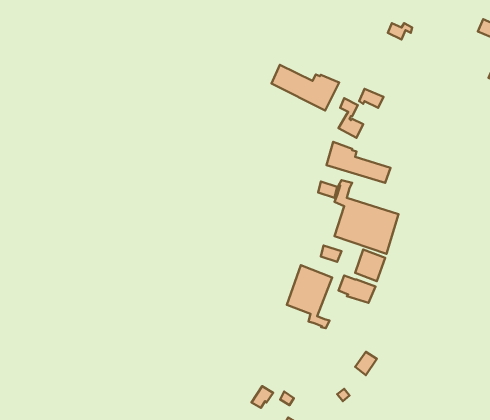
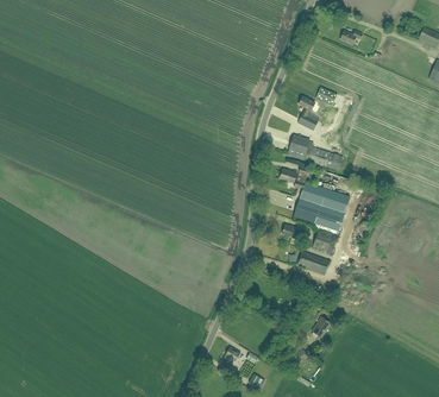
building: [271,65,339,110] -> none
building: [287,265,332,328] -> none

